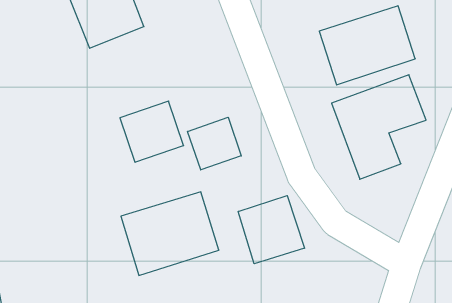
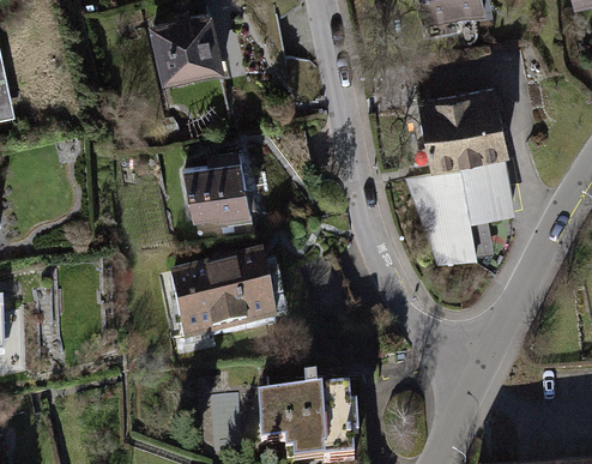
building: [188,117,241,170] -> none
building: [238,196,305,264] -> none

